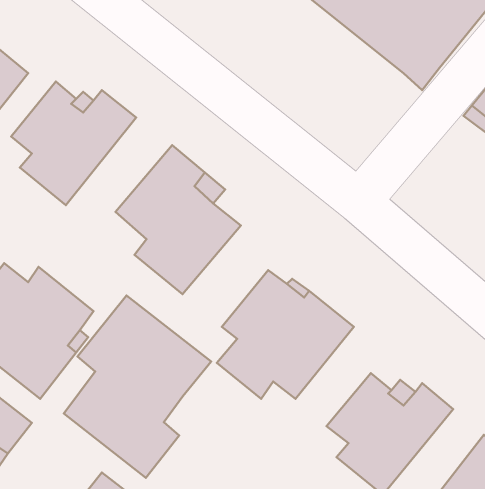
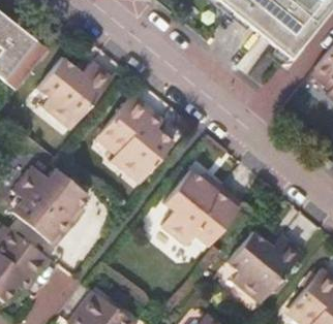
building: [64,295,211,478] -> none

